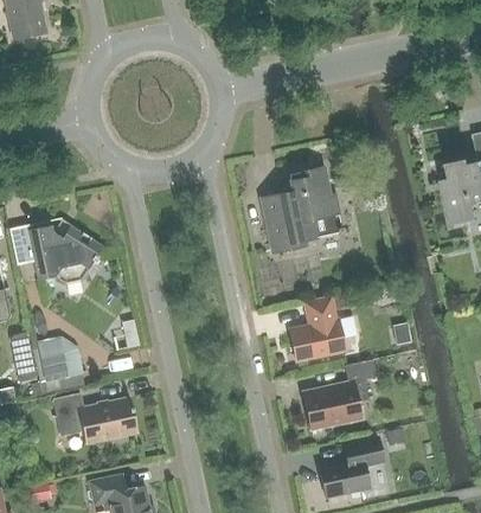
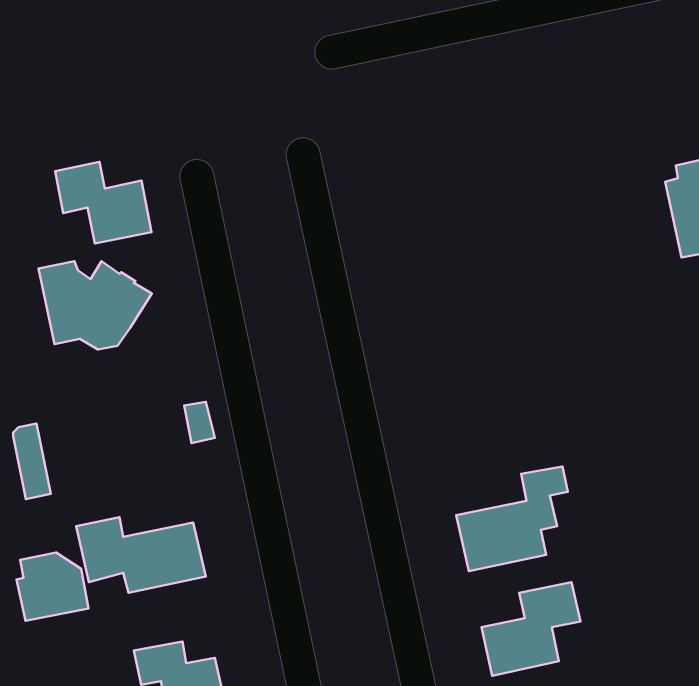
building: none -> [55,162,152,244]
building: [262,167,341,252] -> none
building: [289,296,345,361] -> none
building: [34,336,82,381] -> [16,553,88,621]

